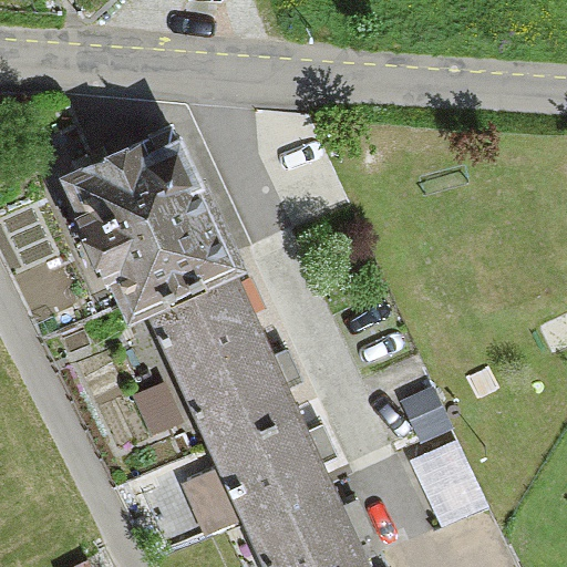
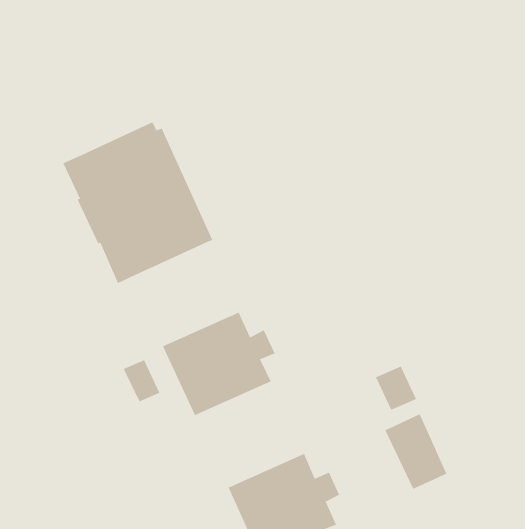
building: [140,260,259,371] -> none
building: [181,409,328,529] -> none

